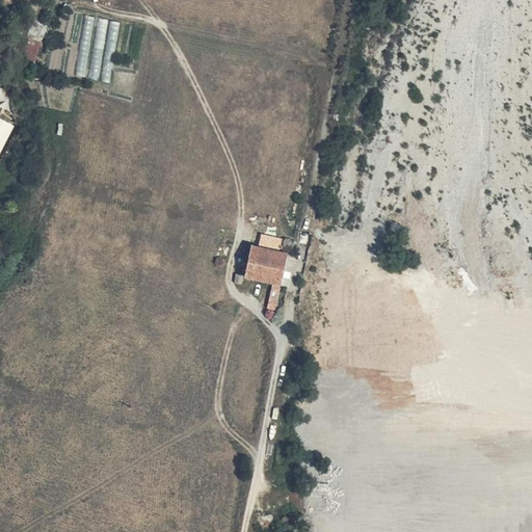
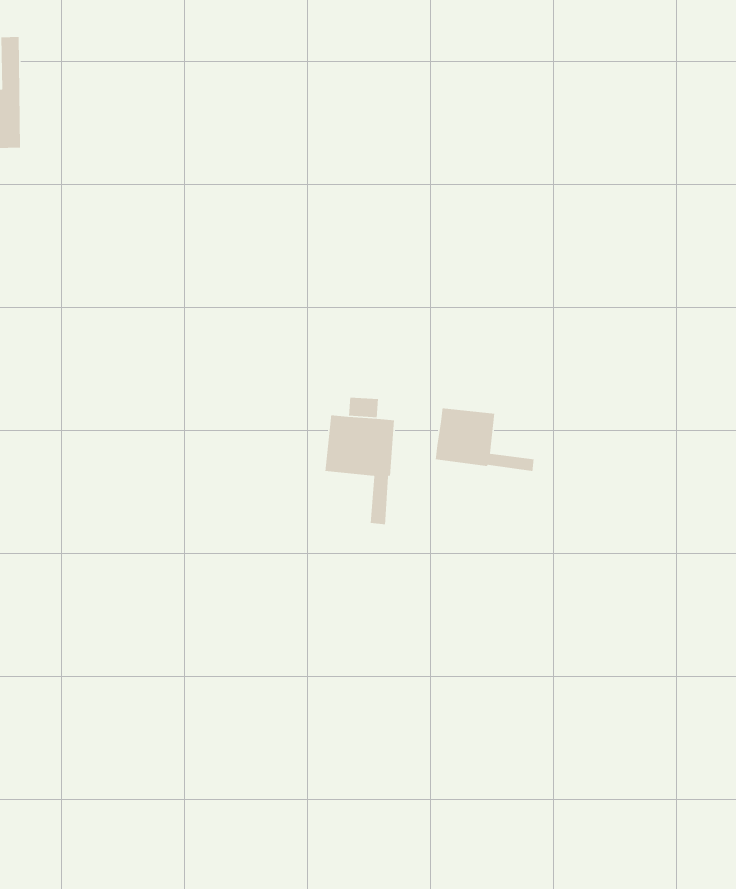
building: none -> [435,408,535,472]

